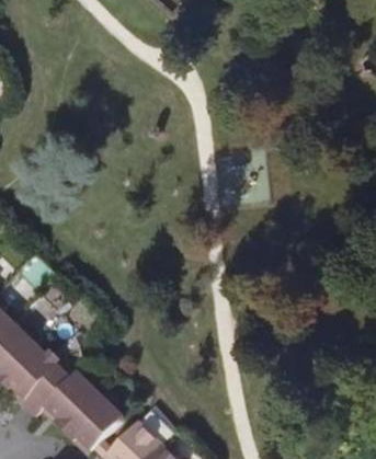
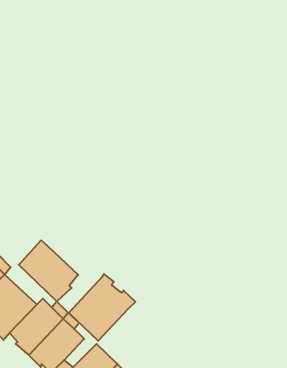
building: none -> [19,240,78,302]
building: none -> [69,274,135,341]

